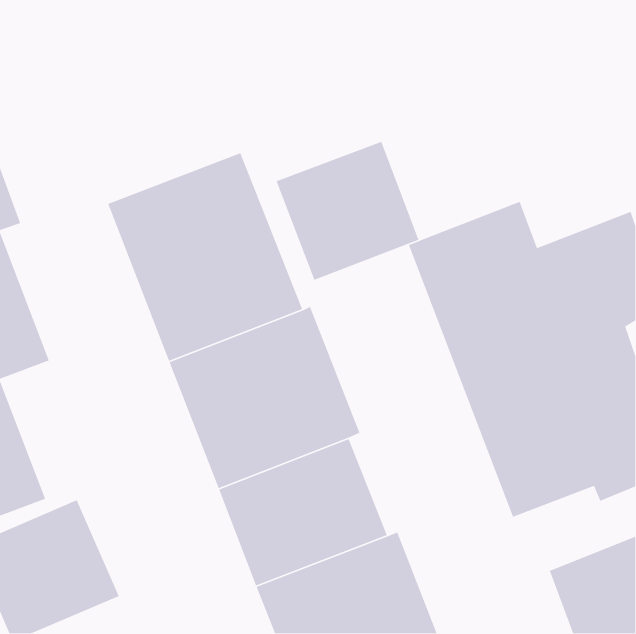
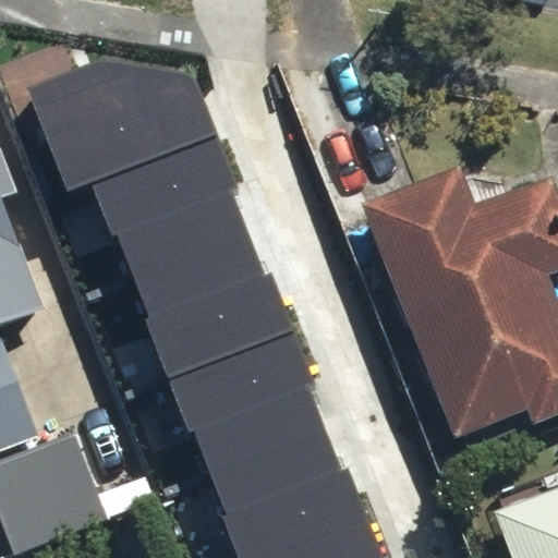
building: none -> [28,53,210,187]
building: [275,141,420,281] -> none

